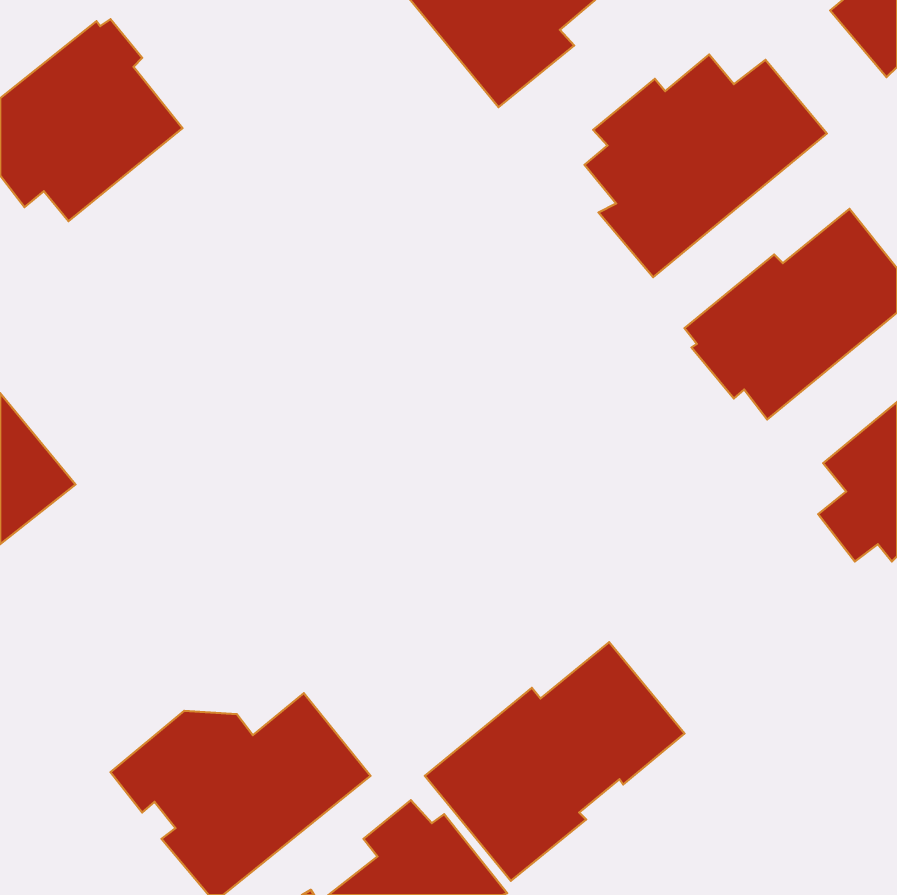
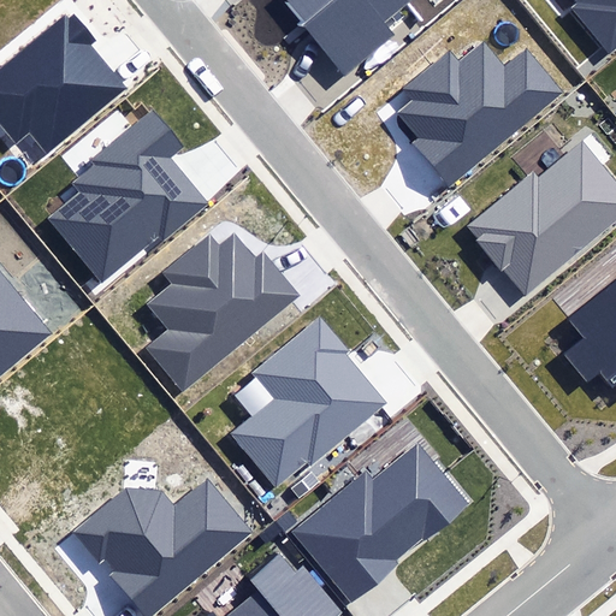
building: none -> [48,109,207,283]
building: none -> [142,231,297,393]
building: none -> [231,315,385,486]

